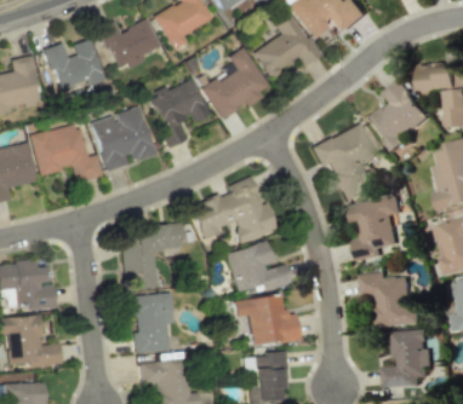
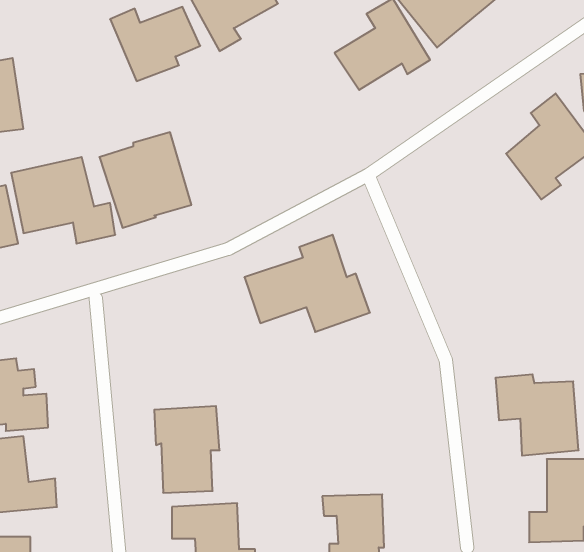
building: [44,39,103,90] -> none
building: [200,47,267,120] -> none
building: [145,80,206,149] -> none
building: [309,125,378,201] -> none
building: [351,197,402,259] -> none
building: [119,223,183,289] -> none
building: [224,241,290,292] -> none
building: [233,294,298,347] -> none

